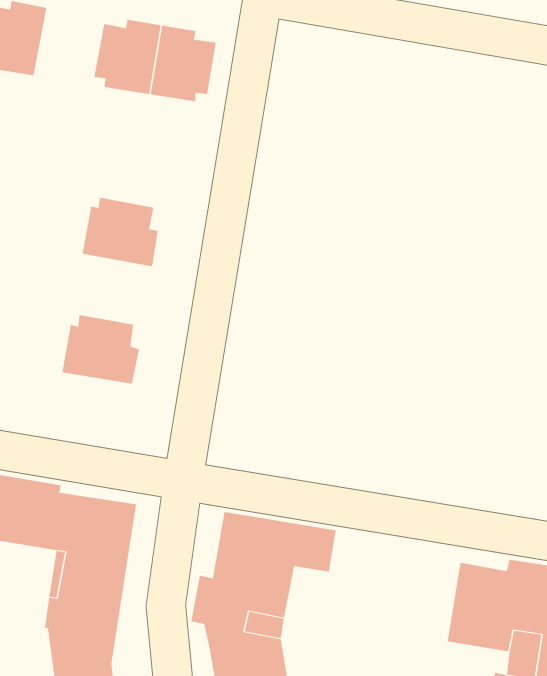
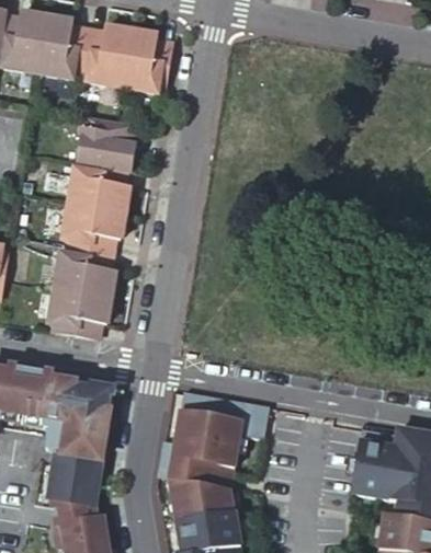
building: none -> [37,12,90,69]
building: none -> [81,111,139,164]
building: none -> [67,198,127,252]
building: none -> [53,288,112,341]

